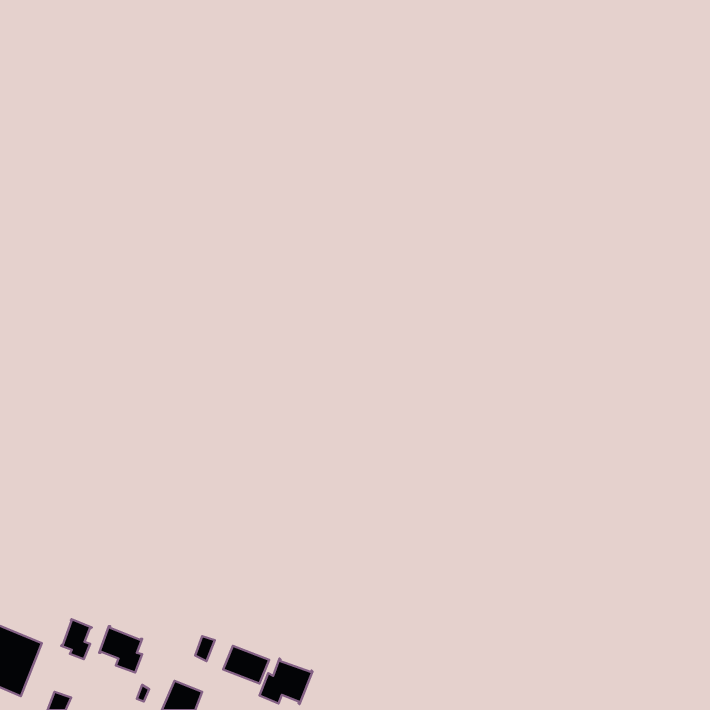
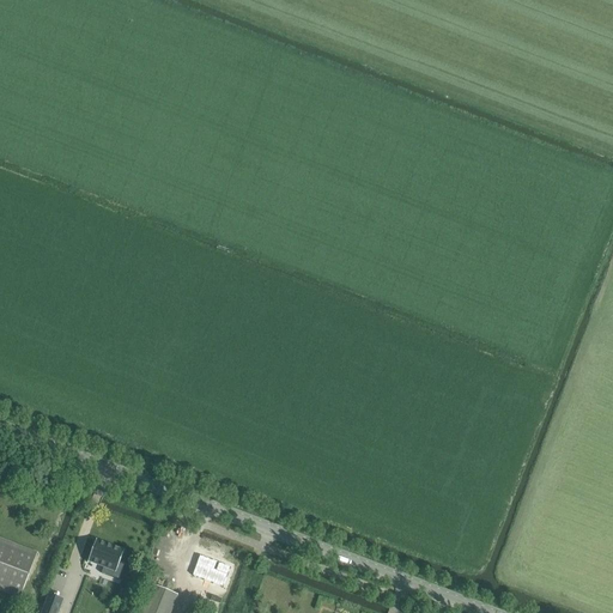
building: [61,619,92,659] -> none
building: [260,659,312,704] -> none

